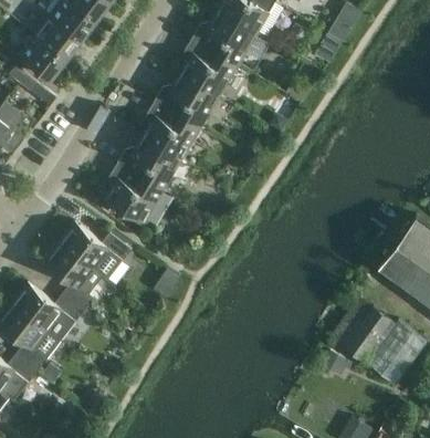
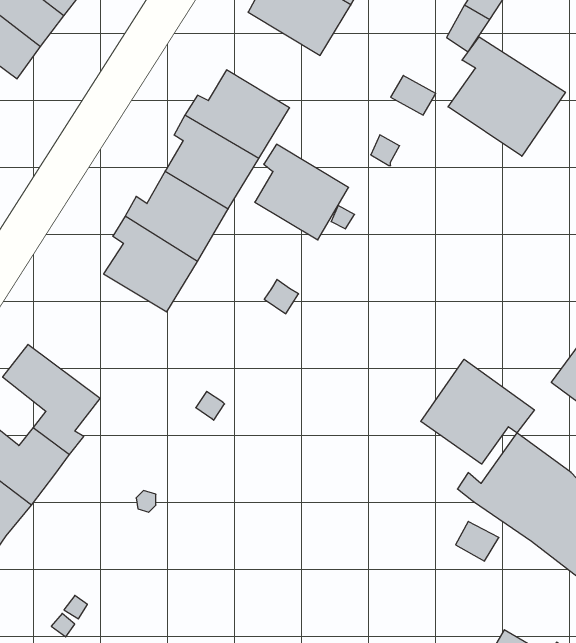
building: [179,40,237,98] -> [255,144,349,240]
building: none -> [448,37,565,156]
building: [57,223,129,281] -> none
building: none -> [421,359,534,464]

